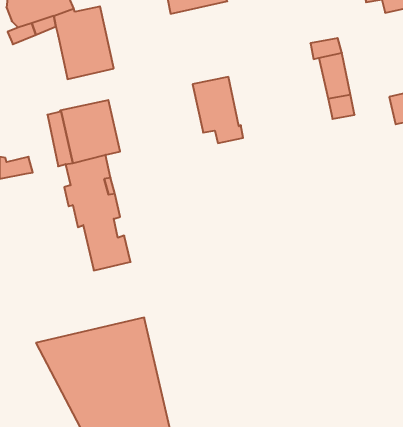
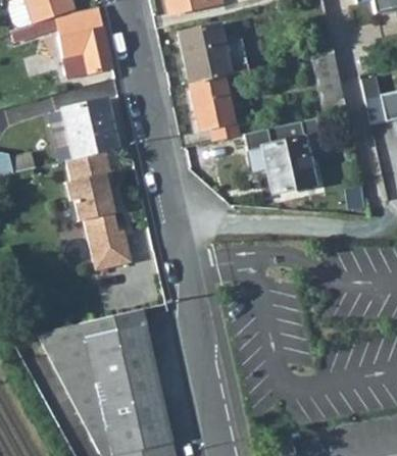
building: none -> [179,24,249,83]
building: none -> [244,118,321,194]

